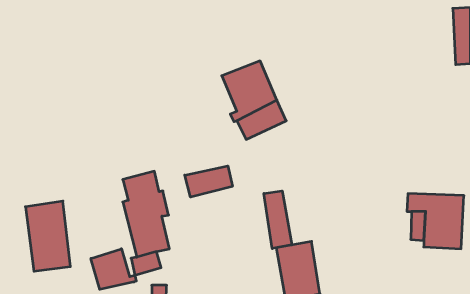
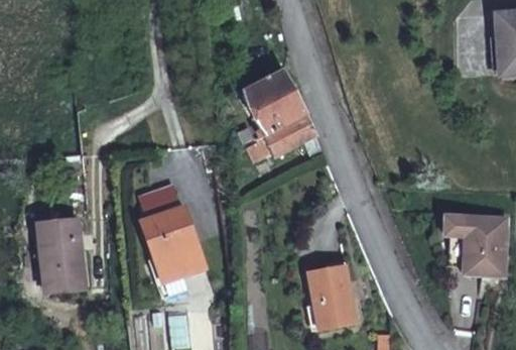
building: [185,166,232,197] -> none
building: [264,191,292,249] -> none
building: [91,249,136,289] -> none

